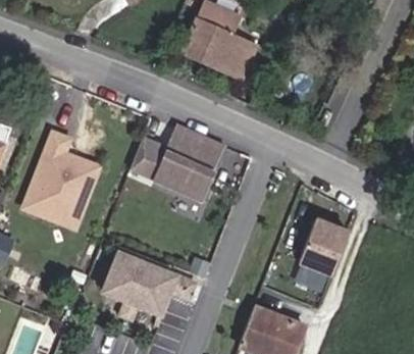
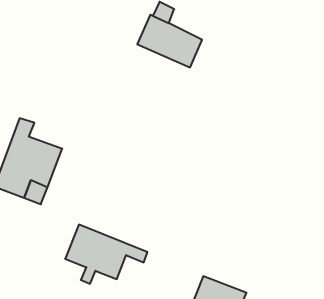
building: [134,124,223,200] -> none
building: [299,217,349,275] -> none

